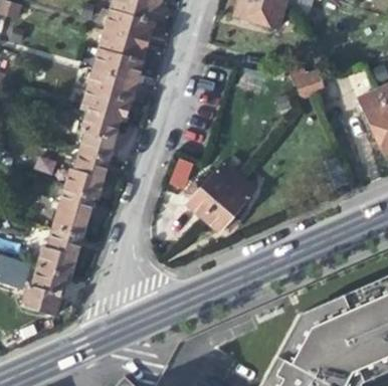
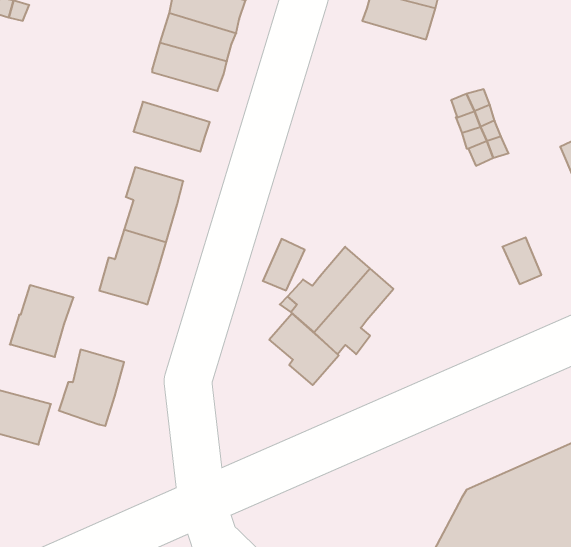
building: [92,50,141,82] -> none
building: [80,88,130,122] -> none
building: [51,191,92,237] -> [10,285,74,357]
building: none -> [269,314,339,385]
building: [22,268,64,316] -> none

